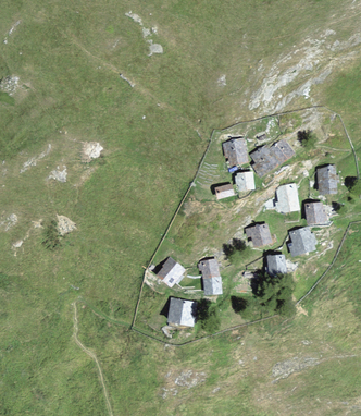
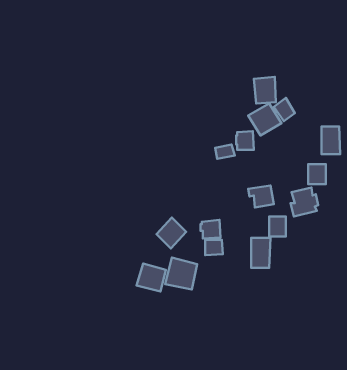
building: [224,137,246,163] -> [254,77,276,103]
building: [276,184,299,211] -> none
building: none -> [251,238,270,268]
building: none -> [137,263,166,292]

